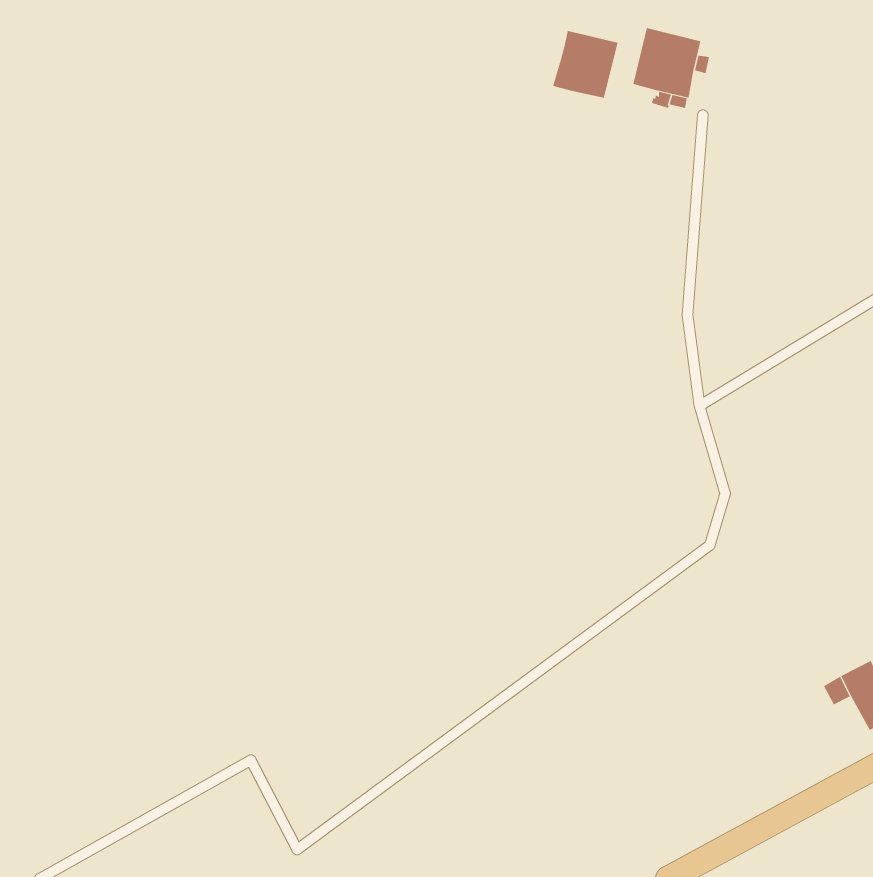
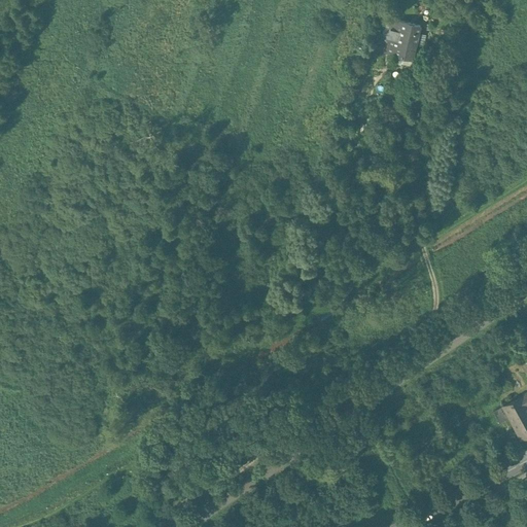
building: [553,30,618,99] -> none

